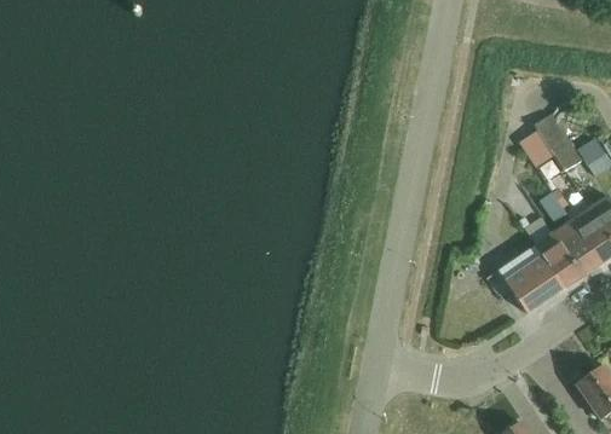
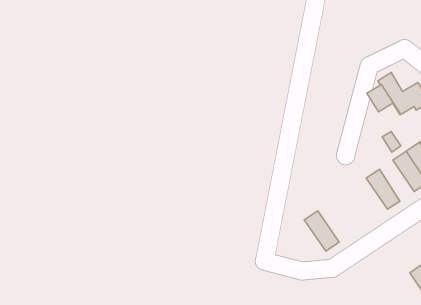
building: [536,232,583,288] -> none
building: [500,256,547,311] -> [304,211,339,251]

